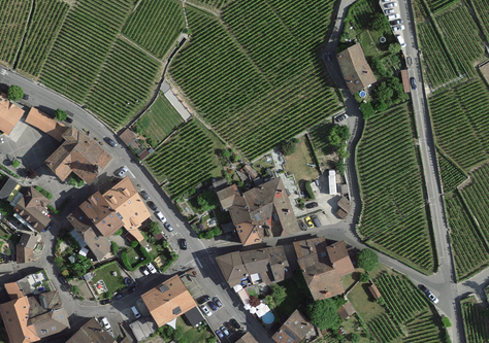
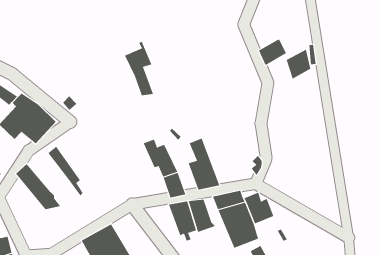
building: [335,41,364,76] -> [286,49,311,80]
building: [239,175,273,238] -> [124,41,154,96]
building: [111,176,150,224] -> none
building: [77,190,124,238] -> none
building: [215,252,253,294] -> none

